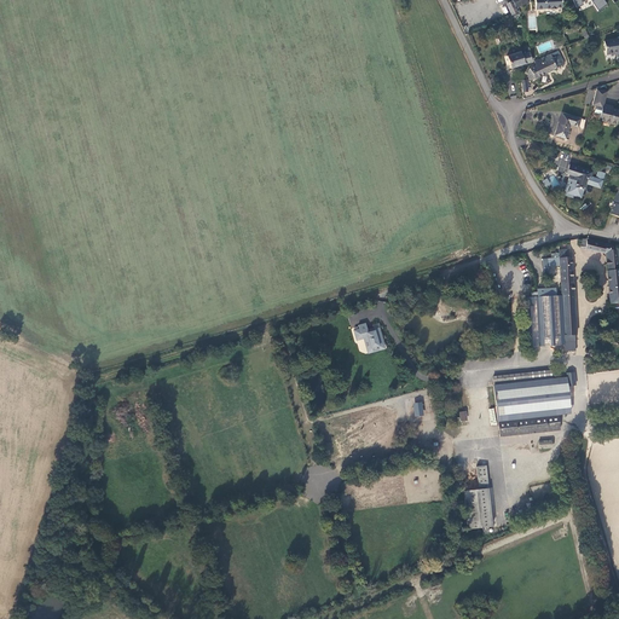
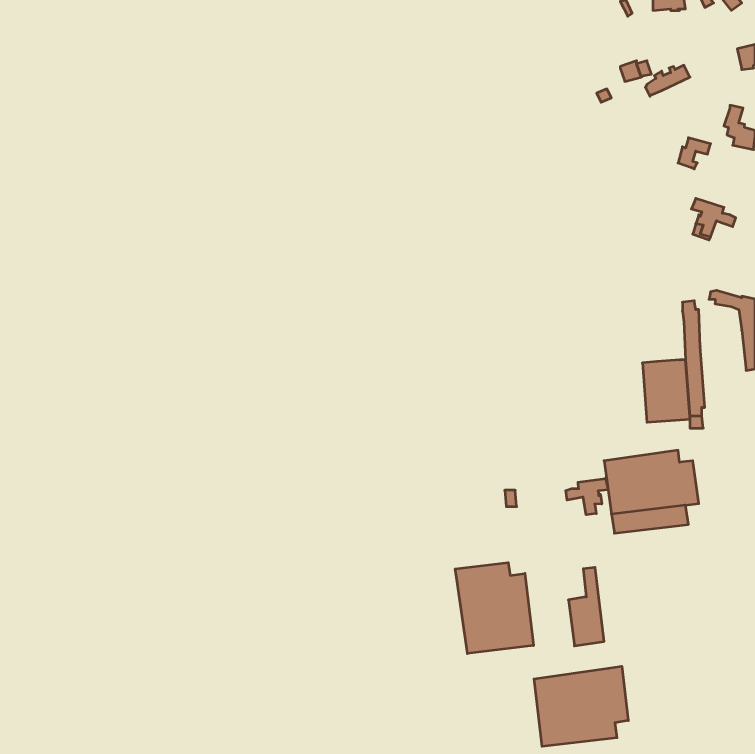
building: [351,322,386,351] -> none
building: none -> [566,478,608,515]
building: none -> [455,563,533,654]
building: none -> [534,666,628,746]

